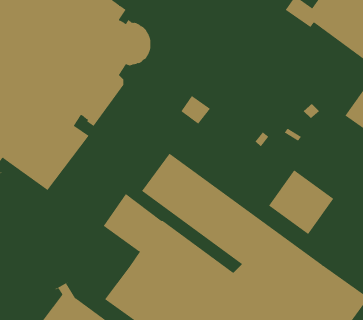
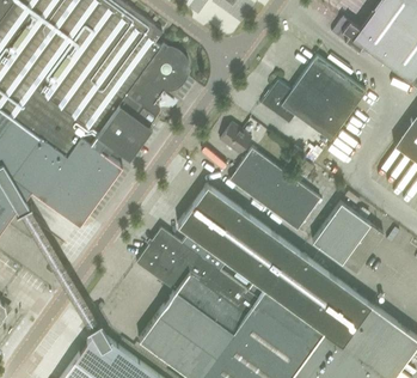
building: none -> [259,56,366,141]
building: none -> [228,150,320,231]

